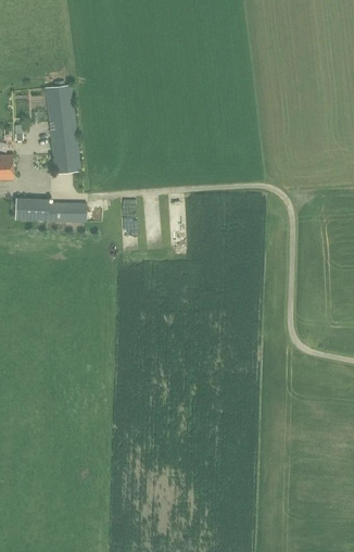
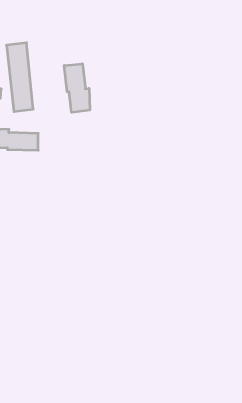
building: none -> [64,64,90,112]

